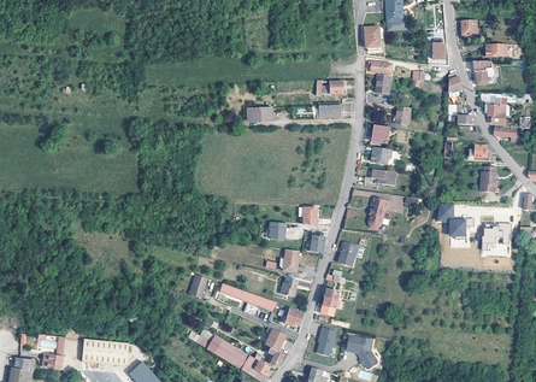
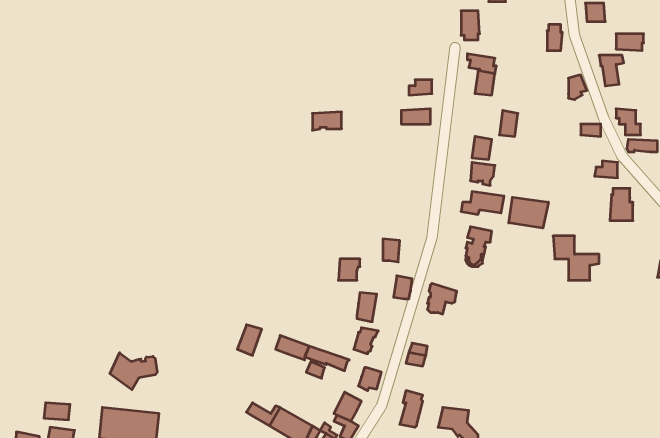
building: none -> [509,197,548,228]
building: [482,224,510,257] -> none
building: none -> [110,353,157,390]

